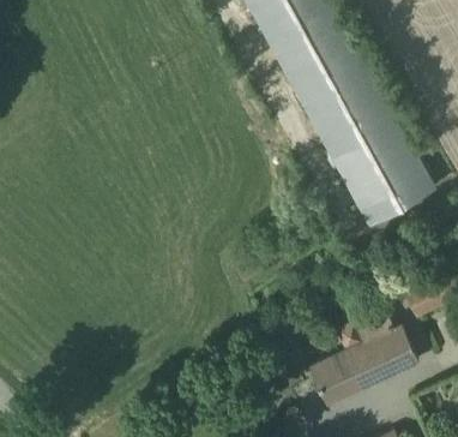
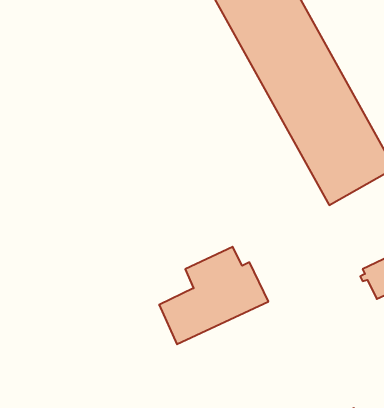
building: [311,310,421,408] -> [159,247,268,344]

